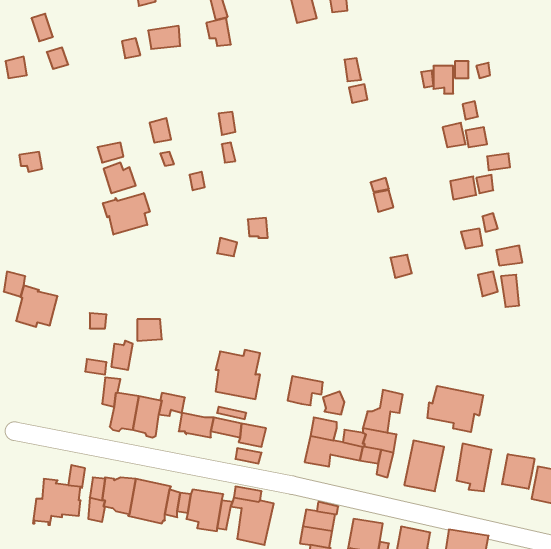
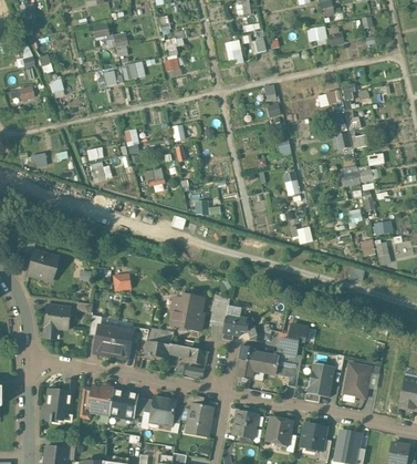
building: [103,193,150,235] -> none
building: none -> [41,306,71,341]
building: [427,386,483,432] -> none
building: [502,454,534,489] -> none

